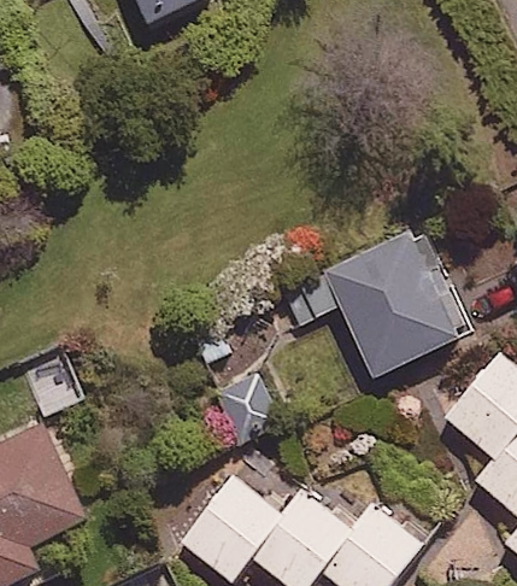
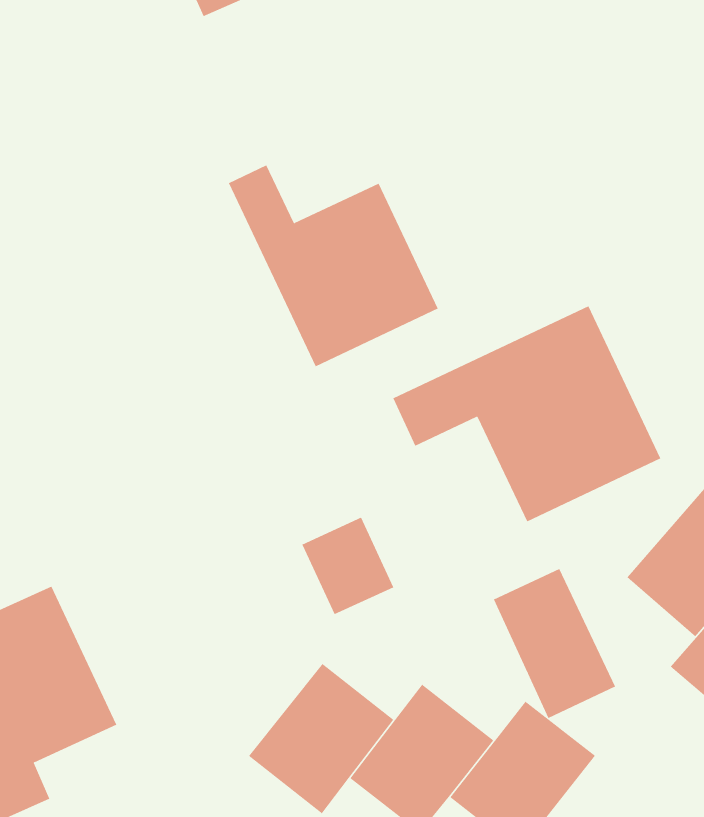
building: none -> [228,164,439,367]
building: none -> [493,568,616,719]

